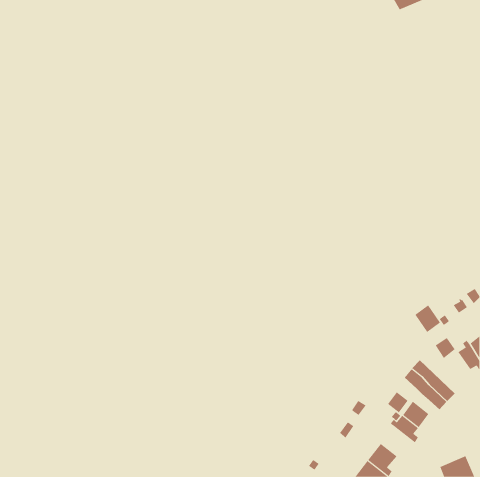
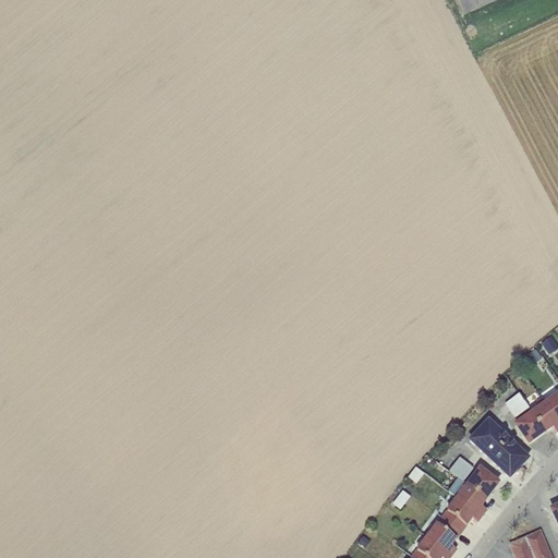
building: [415,305,441,333] -> [514,409,545,441]
building: none -> [441,495,482,530]

